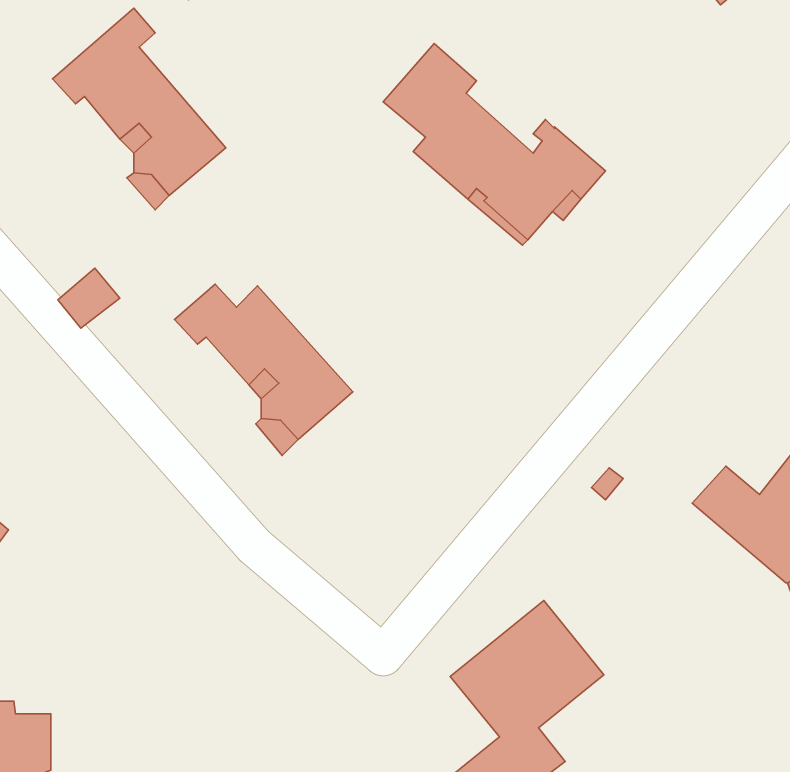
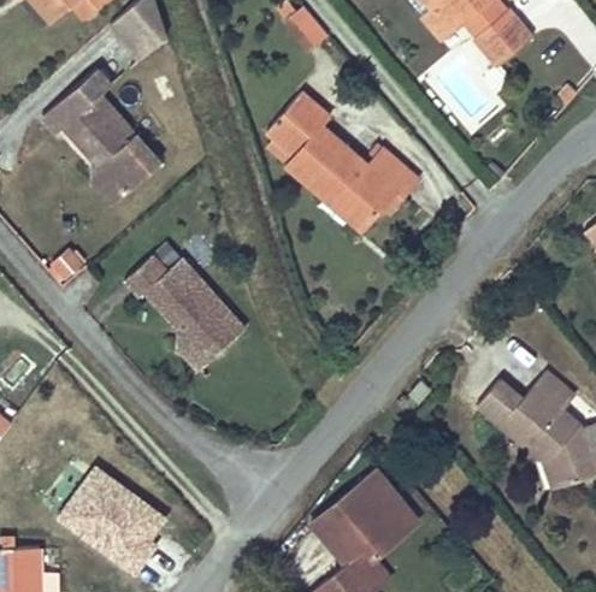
building: none -> [57,463,169,576]

